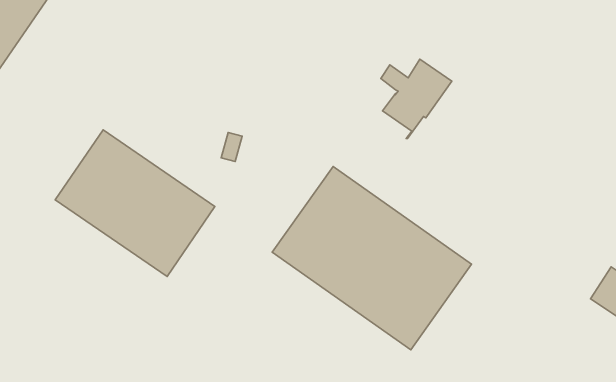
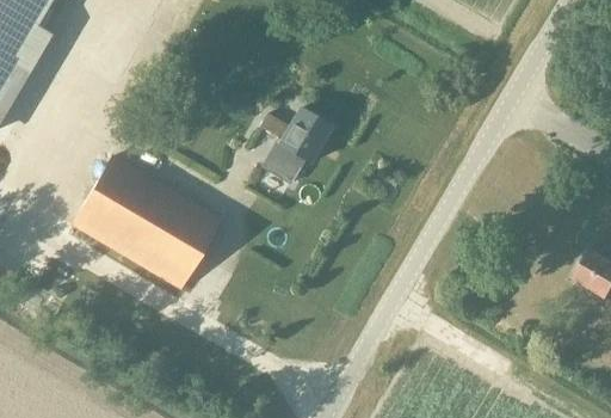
building: [381,59,452,138] -> [263,109,328,183]
building: [272,166,472,350] -> none

